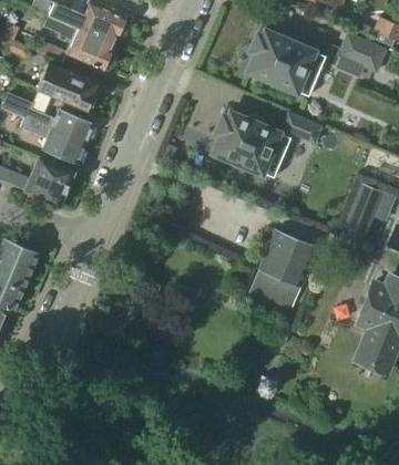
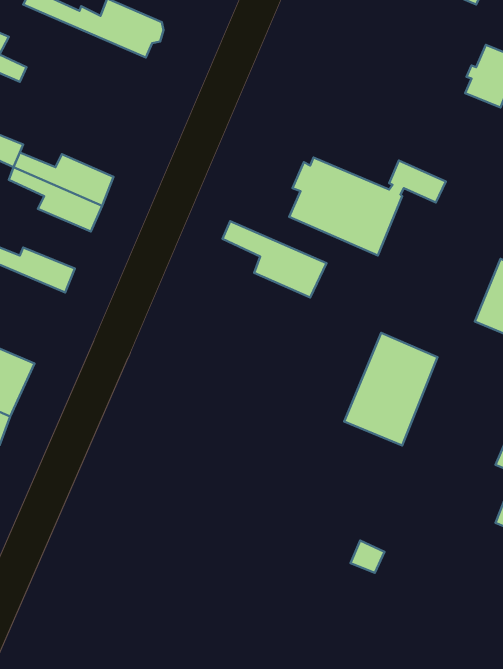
building: [42,13,114,68] -> none
building: [247,29,326,96] -> none
building: [35,62,95,108] -> none
building: none -> [223,221,327,297]
building: [30,156,72,187] -> none

